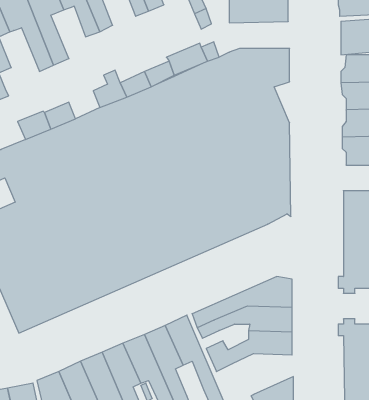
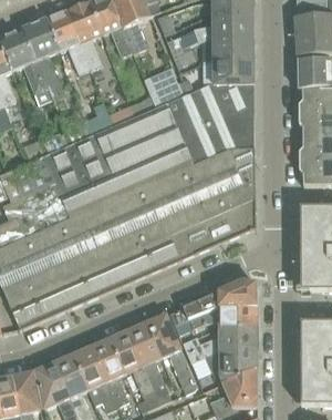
building: none -> [201,60,253,83]
building: none -> [204,347,257,382]

